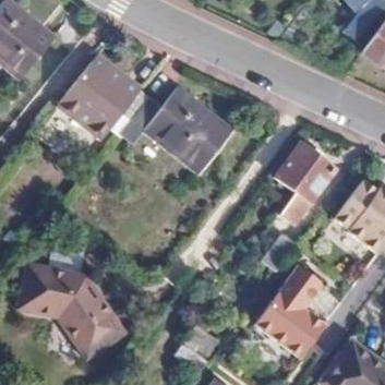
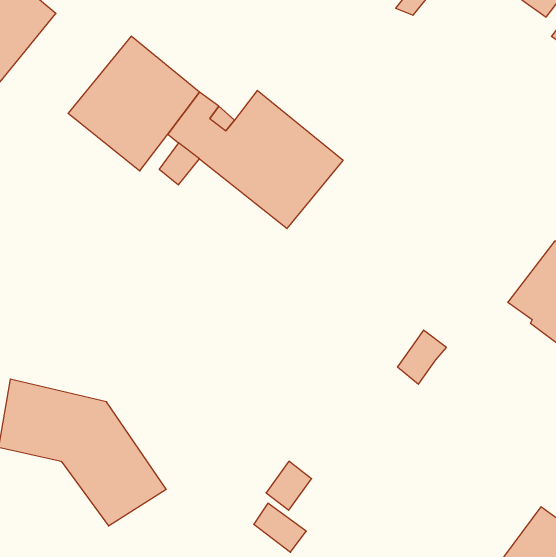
building: [278,143,337,225] -> none
building: [254,264,324,357] -> none

